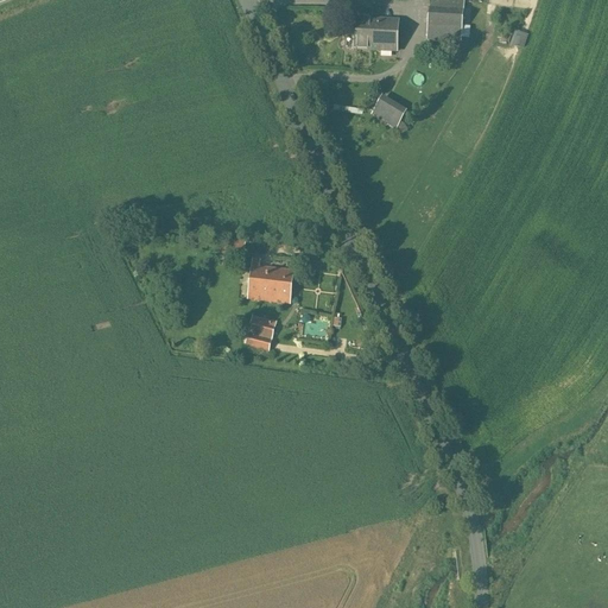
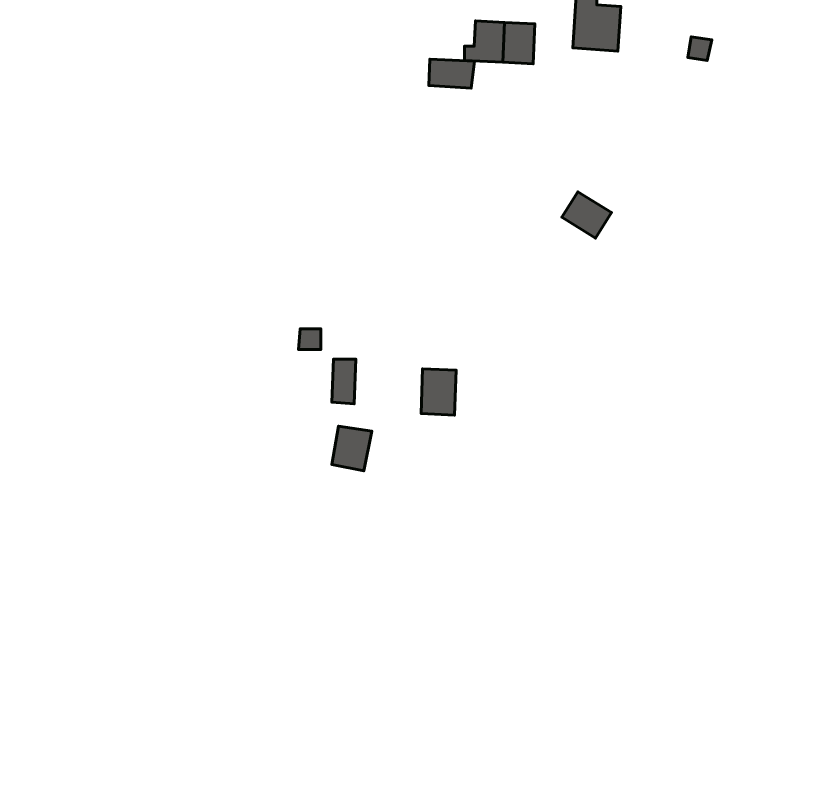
building: none -> [429,59,474,88]
building: [369,93,406,127] -> [562,192,611,238]
building: [264,267,290,302] -> [421,369,456,415]

